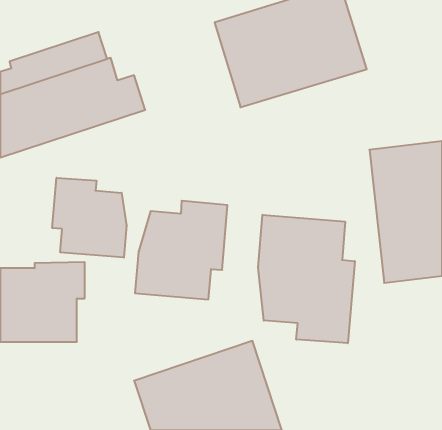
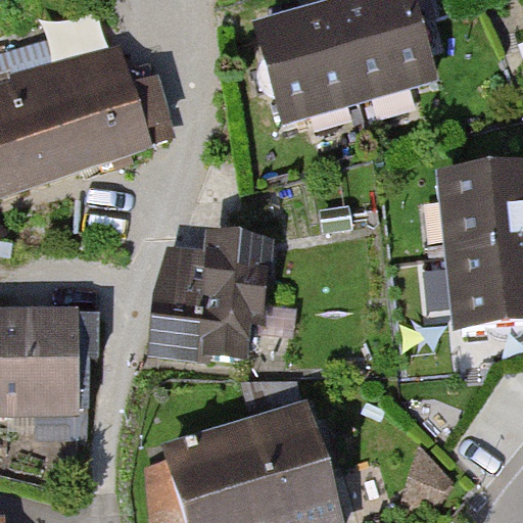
building: [52,178,126,258] -> none
building: [258,215,355,343] -> none

